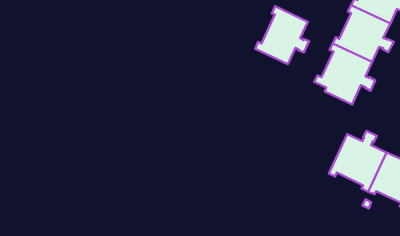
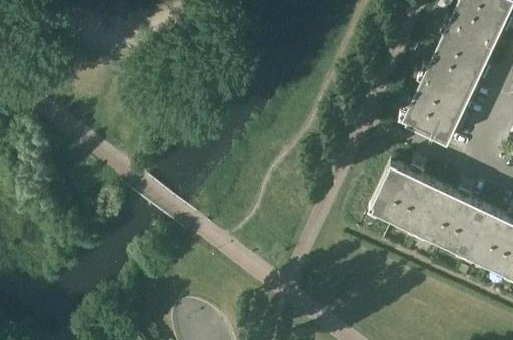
building: [255,6,309,64] -> none
building: none -> [368,160,439,236]

